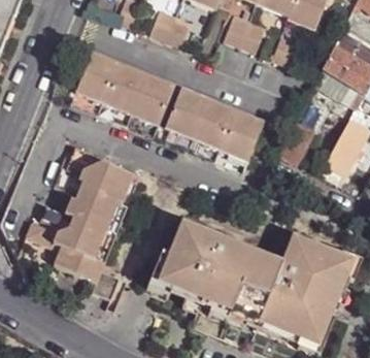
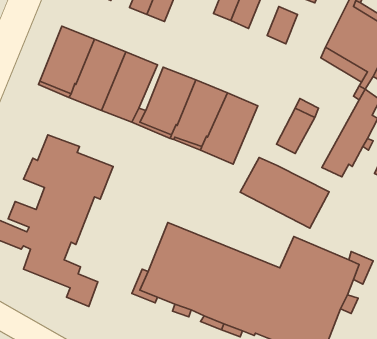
building: none -> [240,158,329,228]

